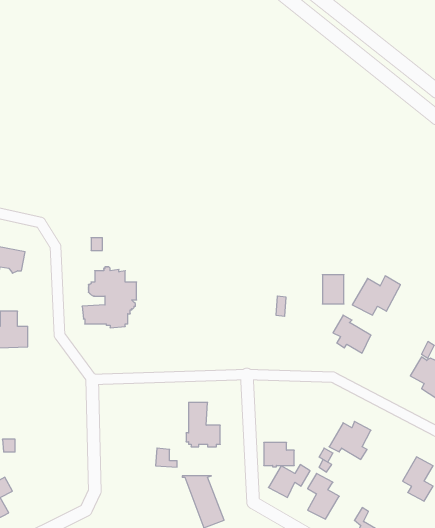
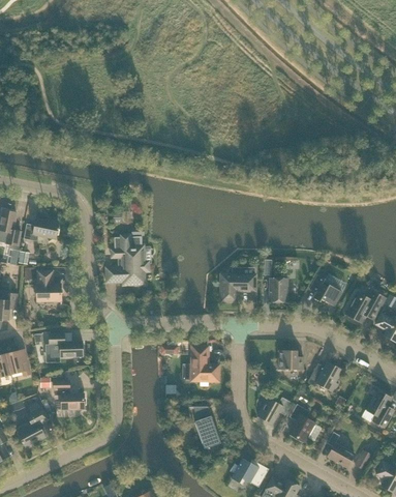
building: [322,275,344,304] -> [270,279,287,302]
building: [352,276,400,315] -> [345,291,385,323]
building: none -> [221,268,255,302]
building: none -> [49,333,83,358]
building: [264,443,294,467] -> [278,351,303,371]
building: none -> [54,381,85,413]

